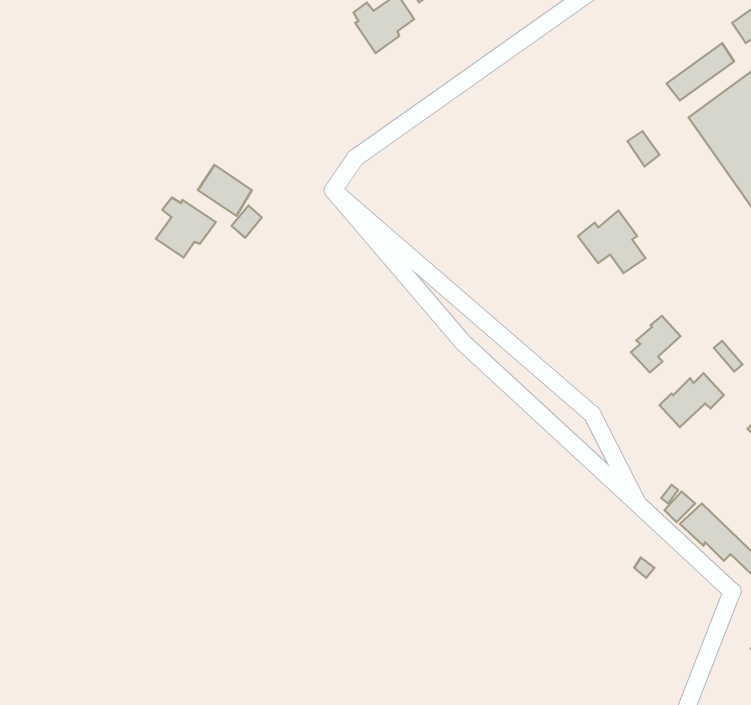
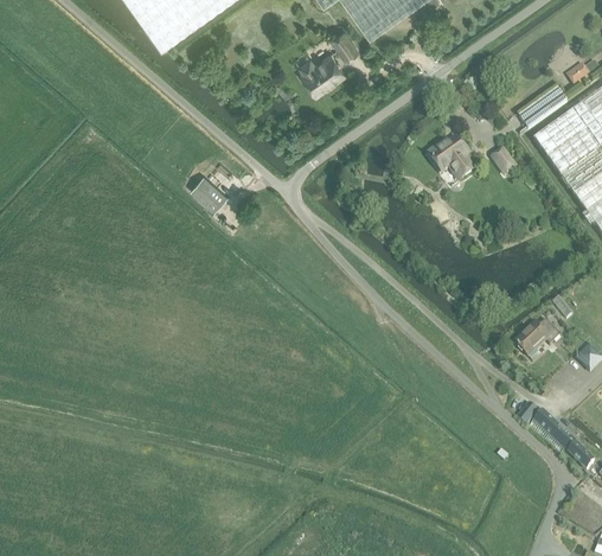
building: [156,197,216,257] -> none
building: [578,211,646,273] -> [428,134,475,178]
building: [631,316,681,372] -> none

